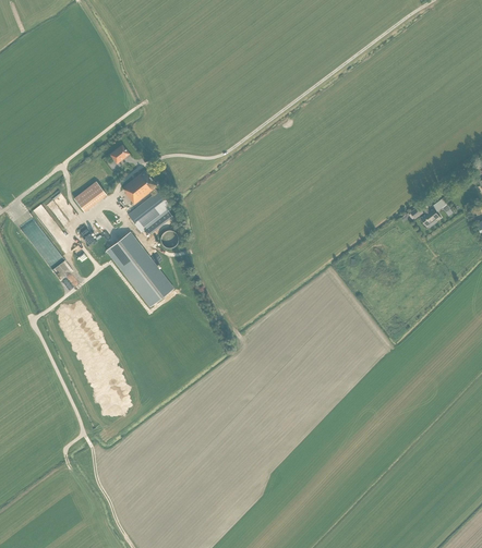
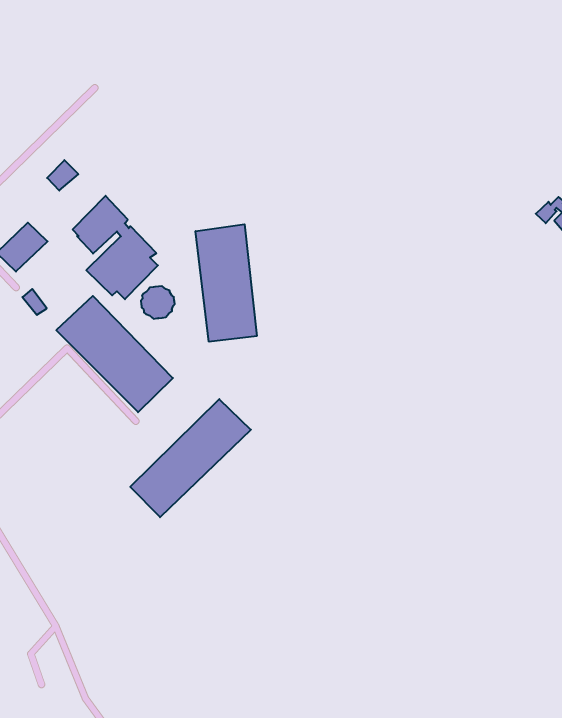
building: none -> [196,224,257,342]
building: none -> [130,399,251,517]

